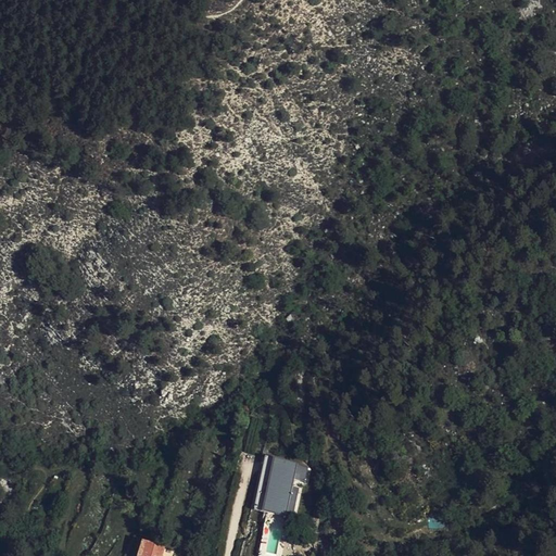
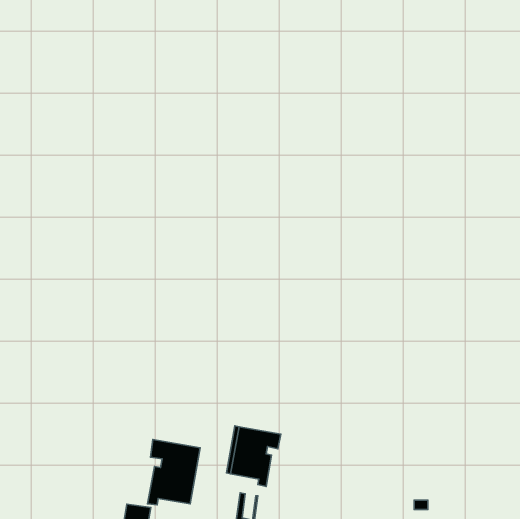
building: none -> [148,439,200,505]

